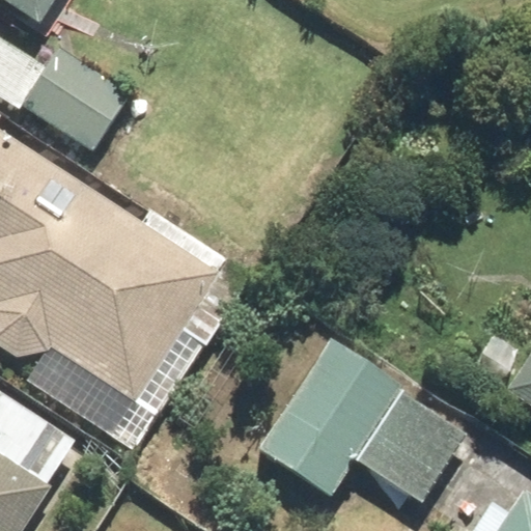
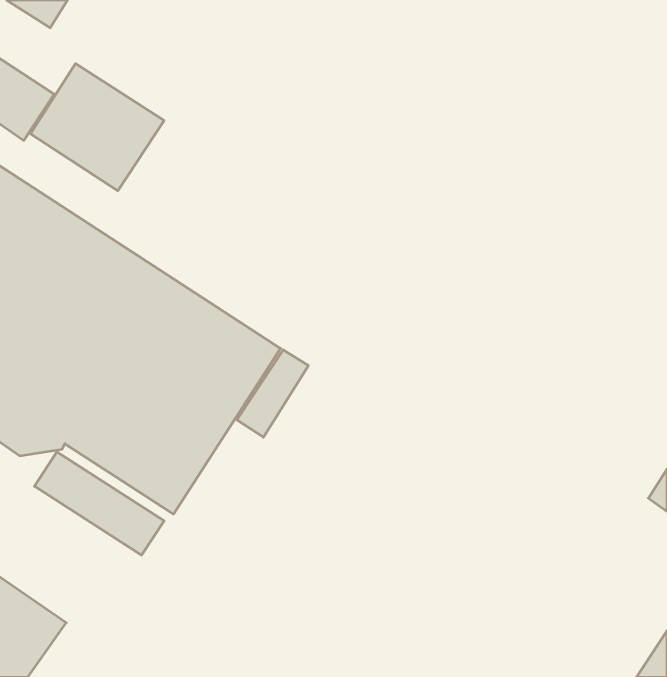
building: [259,340,468,502] -> none

